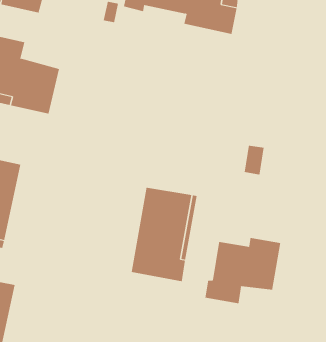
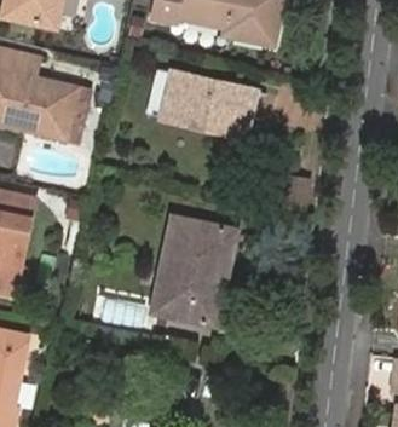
building: none -> [167,79,260,143]
building: [205,237,281,304] -> none

